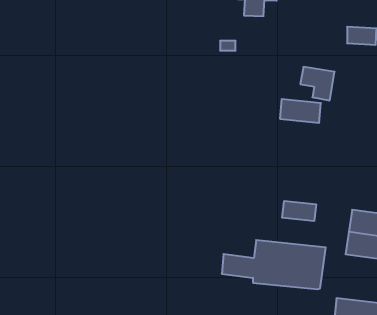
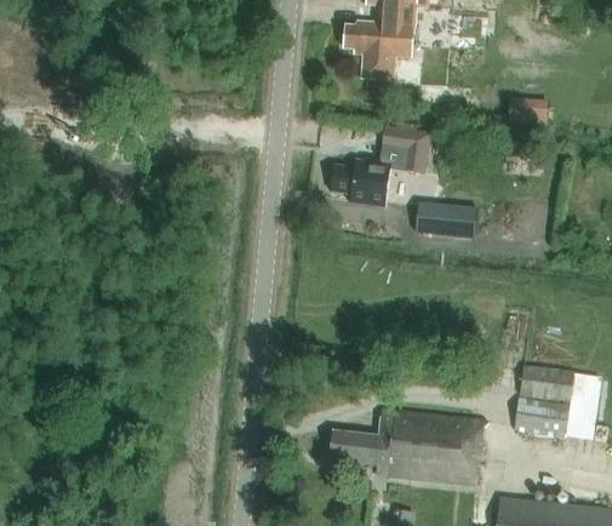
building: [300,67,335,100] -> [390,120,441,170]
building: none -> [333,162,388,204]
building: [282,201,316,221] -> none

